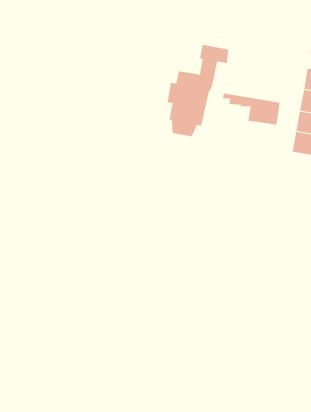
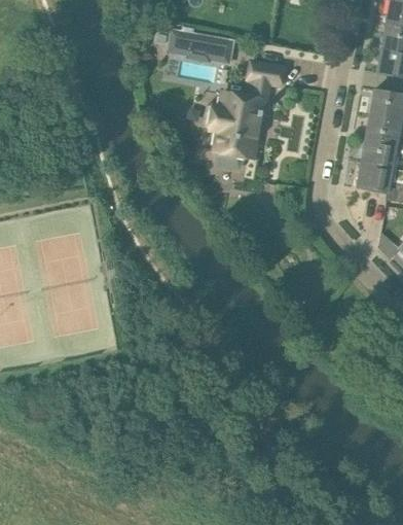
building: none -> [167,28,235,64]
building: [223,93,280,126] -> none

